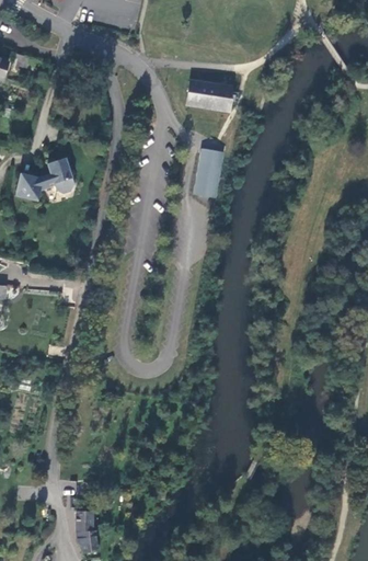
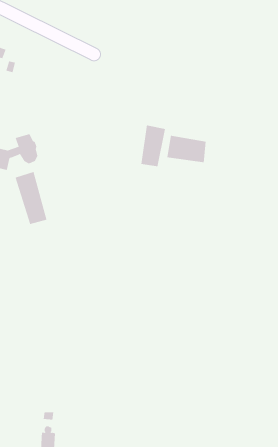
building: [185,79,232,112] -> [166,135,207,163]
building: none -> [15,171,47,225]

